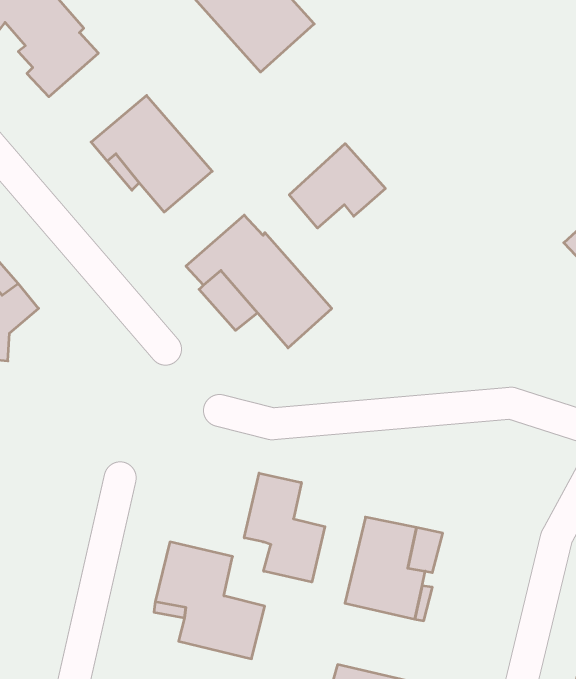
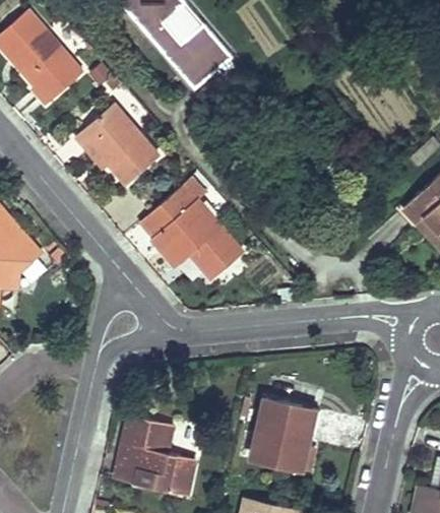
building: [289,144,385,228] -> none
building: [244,473,325,582] -> none

